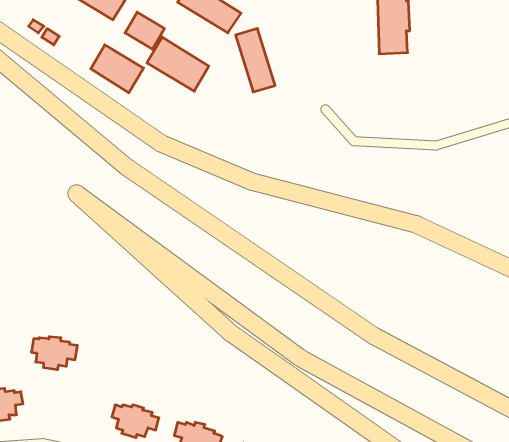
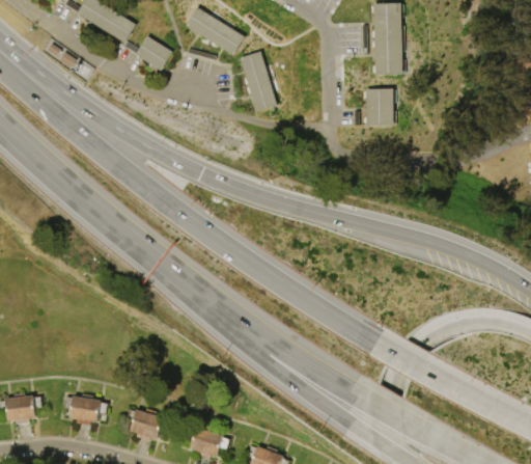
building: [147,37,209,91] -> none
building: [91,45,144,93] -> none
building: none -> [365,87,394,126]
building: [31,337,77,370] -> [61,393,105,425]

